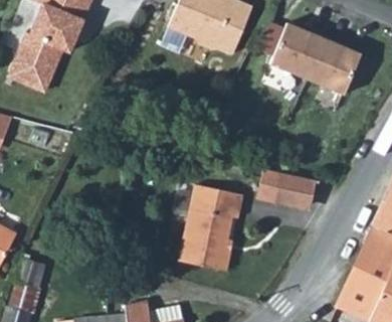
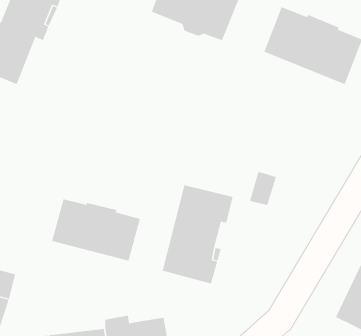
building: [274,176,319,209] -> none
building: none -> [51,198,140,261]

